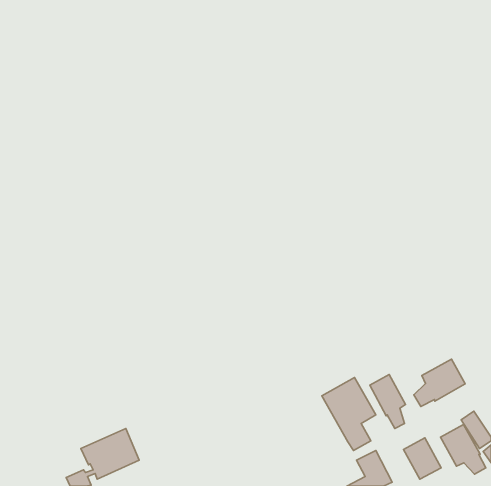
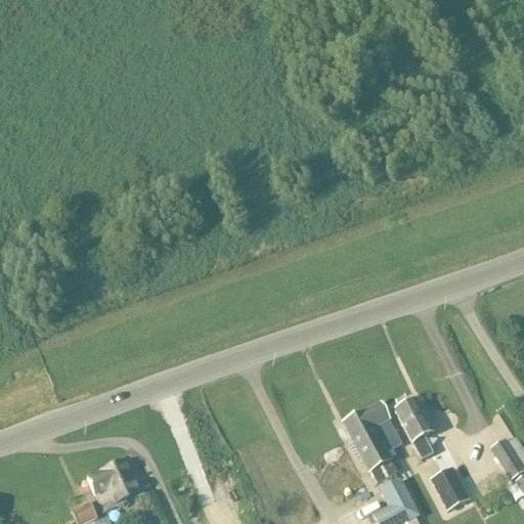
building: [414,359,465,407] -> none
building: [441,425,486,474] -> none

